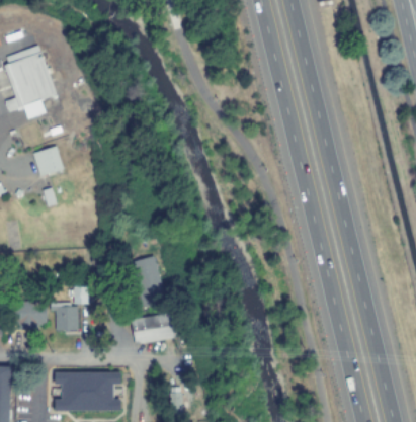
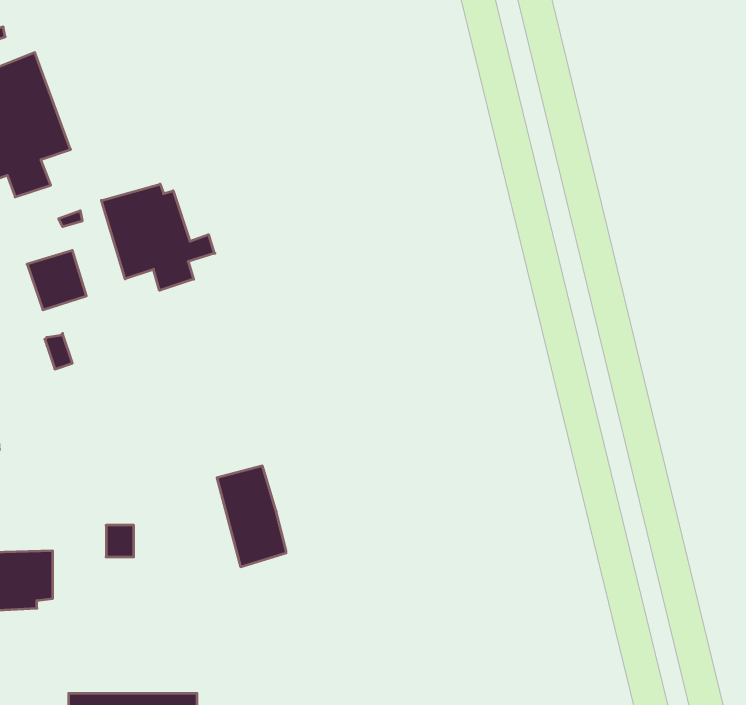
building: none -> [101,184,215,290]
building: [51,302,78,330] -> none
building: [132,313,175,344] -> none

